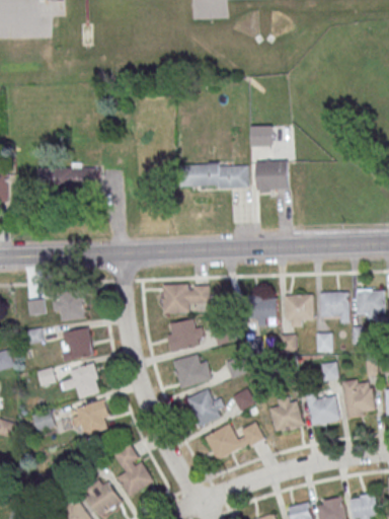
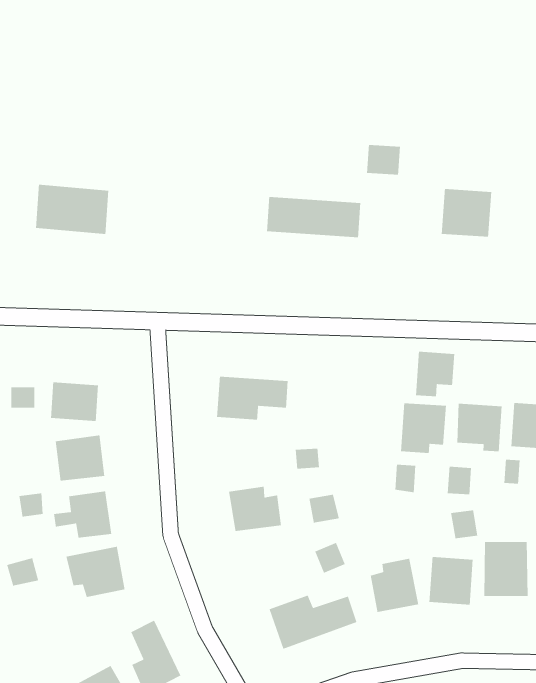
building: [256,161,288,192] -> [441,188,492,238]
building: [252,296,277,325] -> [415,351,455,397]
building: [166,318,203,350] -> none
building: [186,389,226,427] -> none

